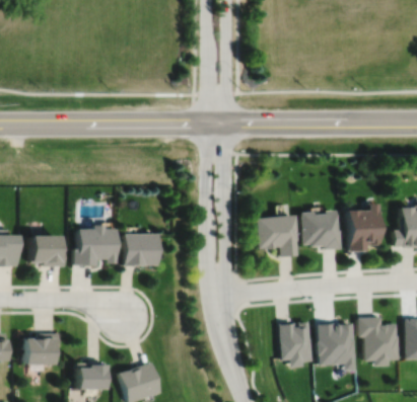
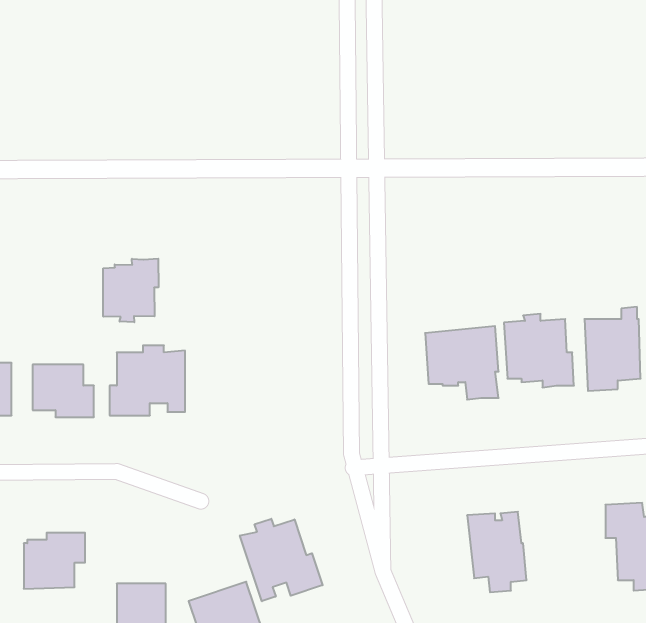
building: none -> [103,259,158,322]
building: [123,234,158,266] -> none
building: [320,324,357,372] -> none
building: none -> [240,519,323,601]

